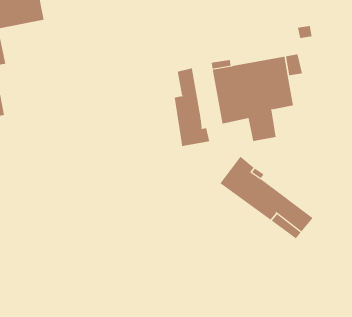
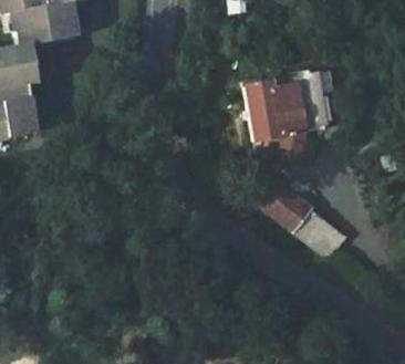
building: [174,68,210,147] -> none

